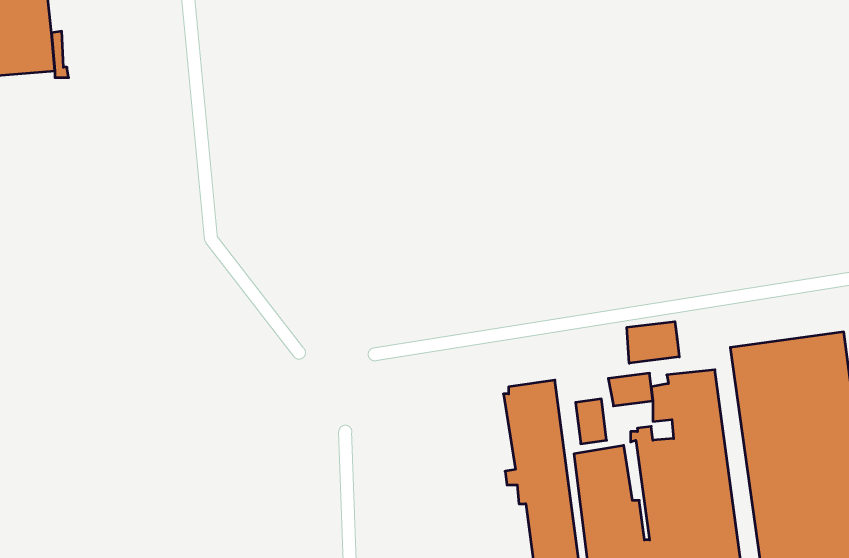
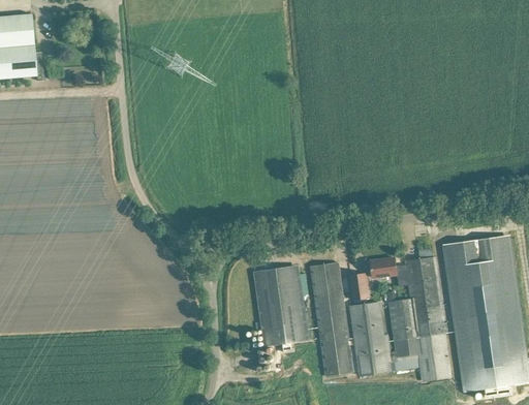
building: [627,322,679,363] -> none
building: none -> [253,268,308,345]

